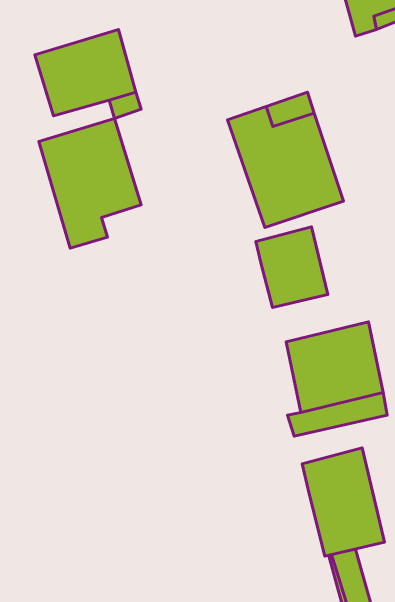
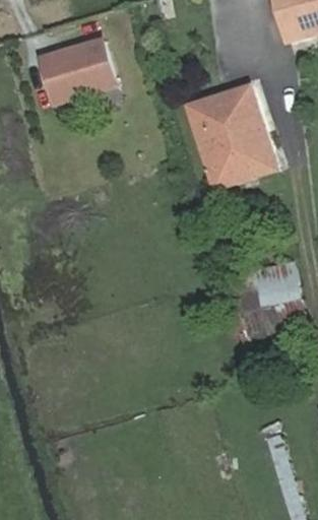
building: [39,119,141,248] -> none
building: [256,227,328,308] -> none
building: [302,448,385,556] -> none

